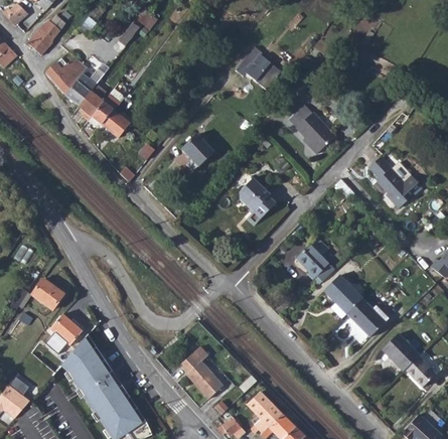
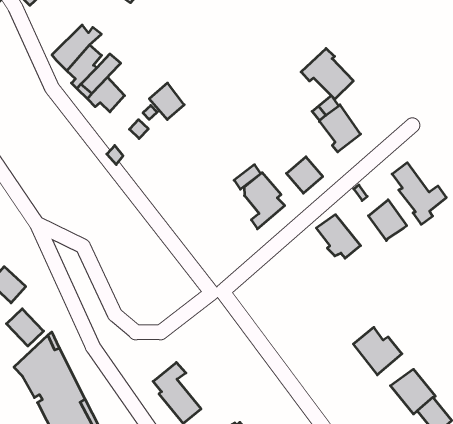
building: [235,48,280,91] -> [301,48,353,99]
building: [45,56,88,95] -> none
building: [180,132,210,163] -> [149,83,184,120]
building: none -> [286,157,323,193]
building: none -> [368,200,407,241]
building: [295,245,334,281] -> [316,215,361,258]
building: [324,276,362,319] -> none

